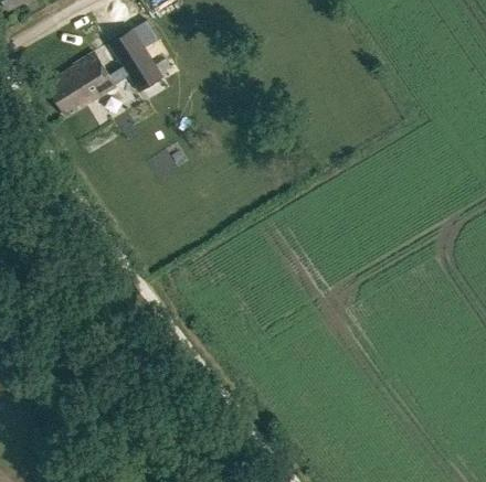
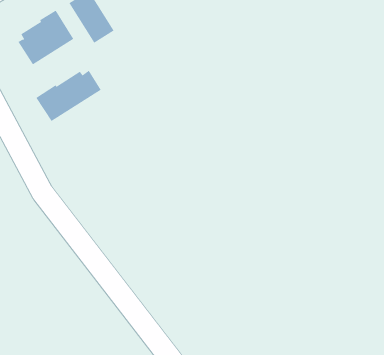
building: none -> [35,70,101,122]

